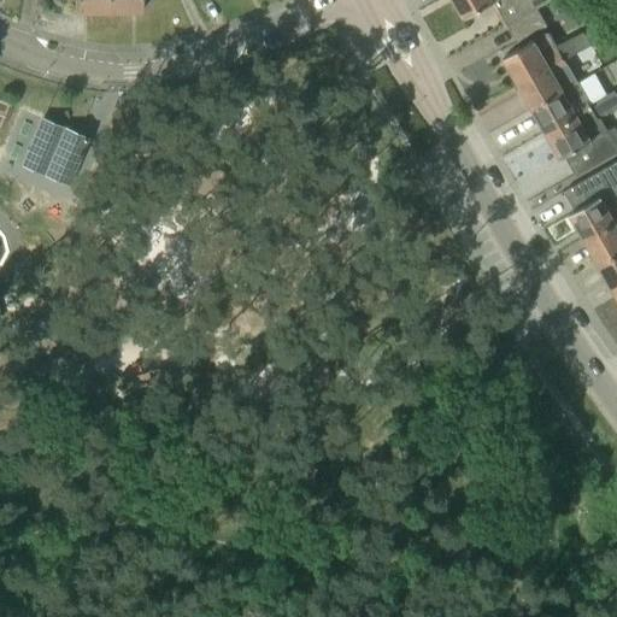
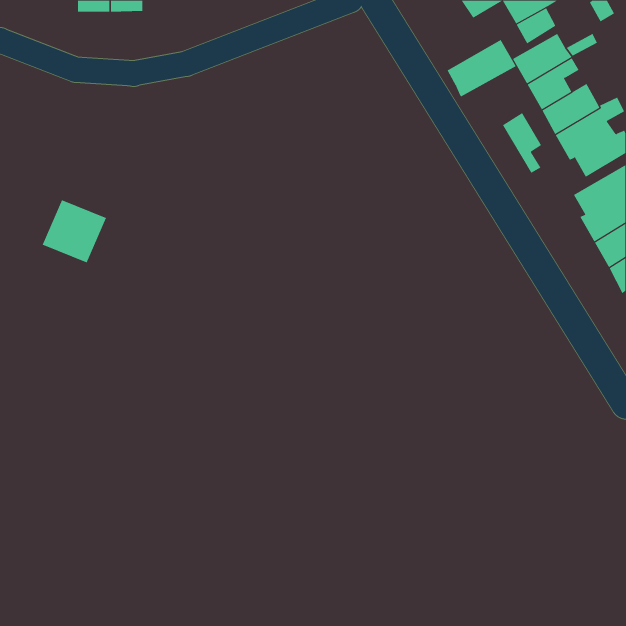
building: none -> [447,39,517,97]
building: none -> [502,112,542,174]
building: [23,121,87,183] -> [42,199,107,263]

